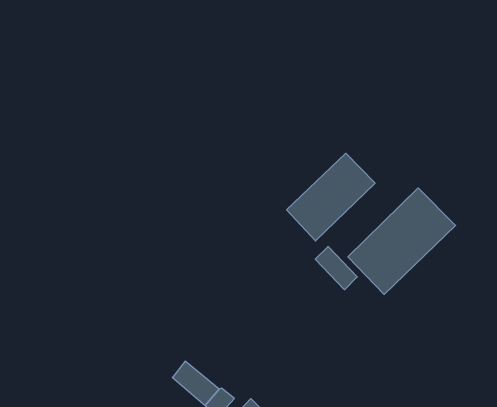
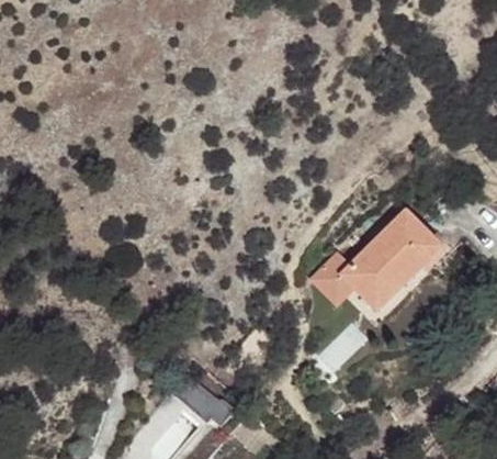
building: [287,153,375,241] -> none

